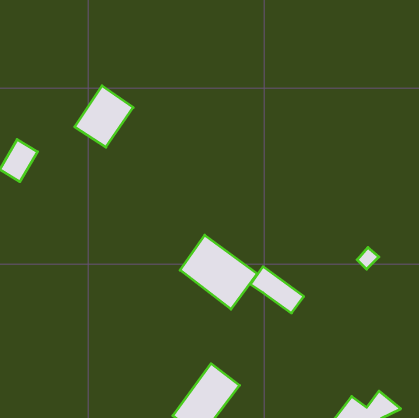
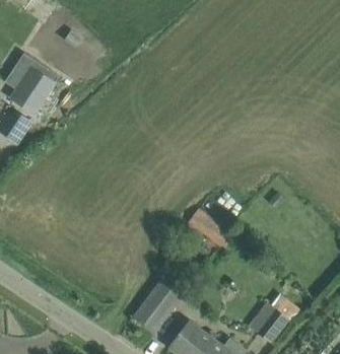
building: [75,86,133,147] -> [9,68,53,114]
building: [180,235,257,309] -> none

